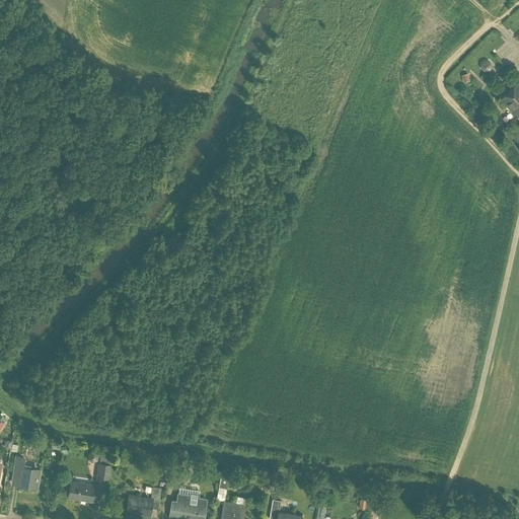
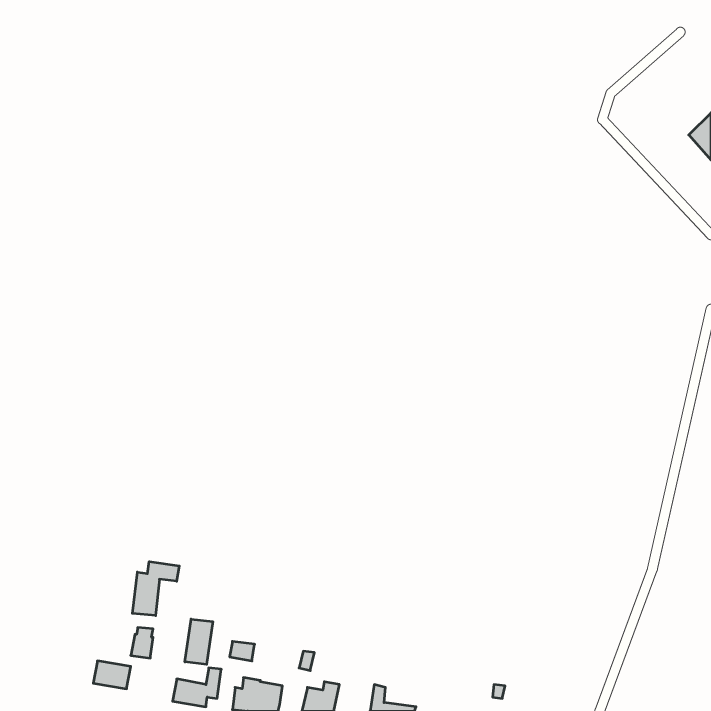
building: none -> [132,562,179,616]
building: none -> [185,619,213,664]
building: [14,457,39,487] -> none

